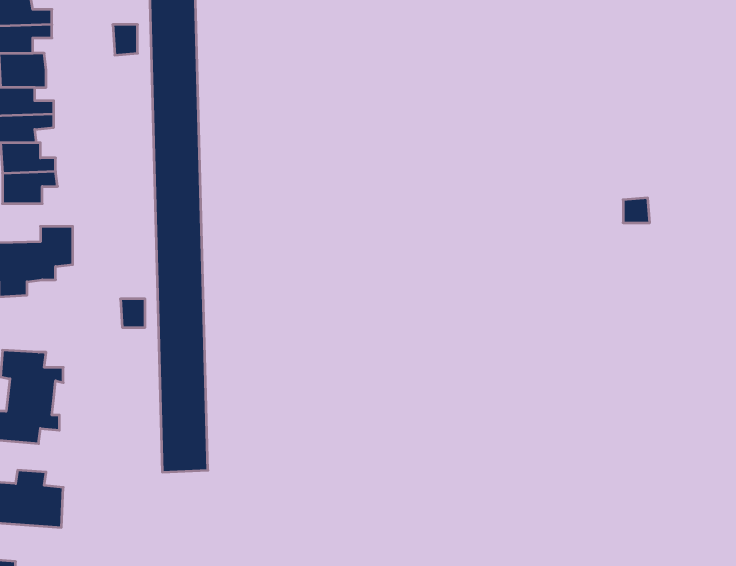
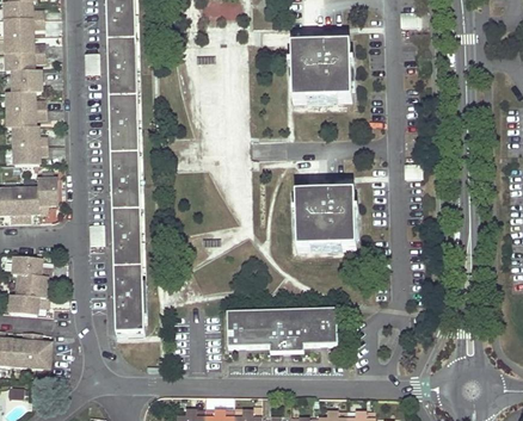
building: none -> [289,43,349,99]
building: none -> [293,190,353,248]
building: none -> [224,307,336,348]

